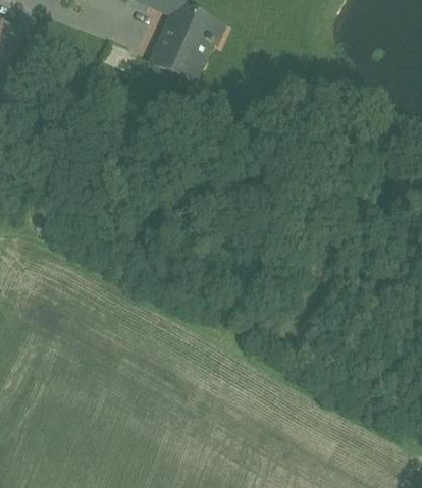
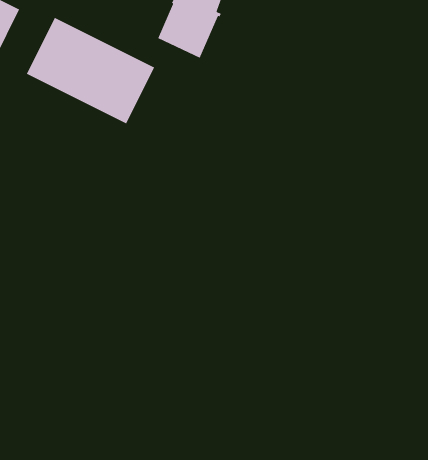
building: none -> [26,17,155,125]

